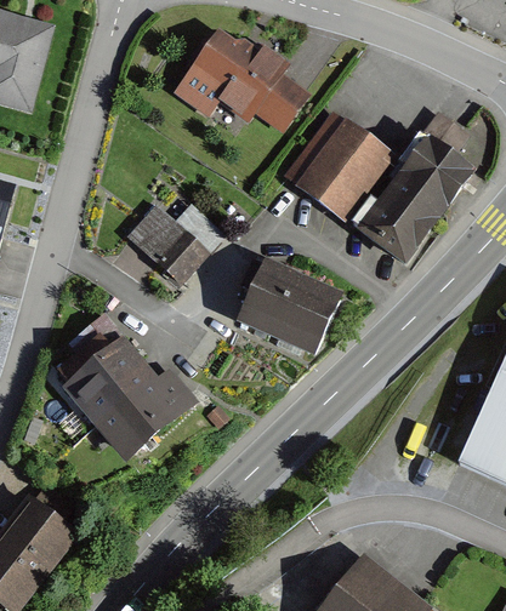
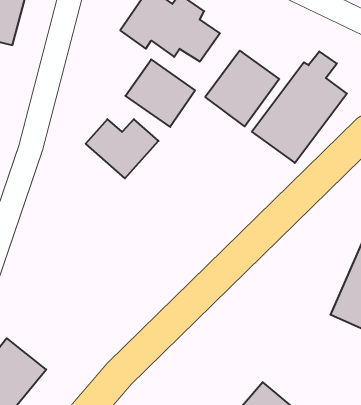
building: none -> [125,59,195,127]
building: [231,264,335,354] -> none
building: [53,315,184,458] -> none

